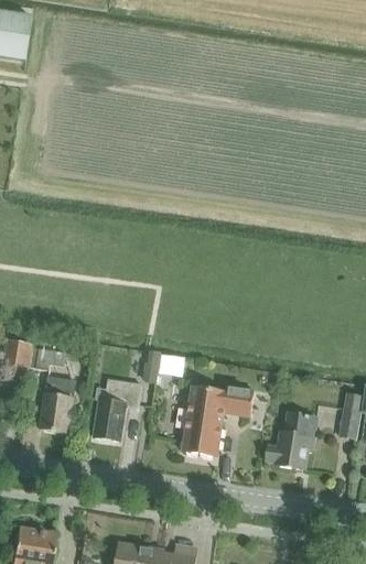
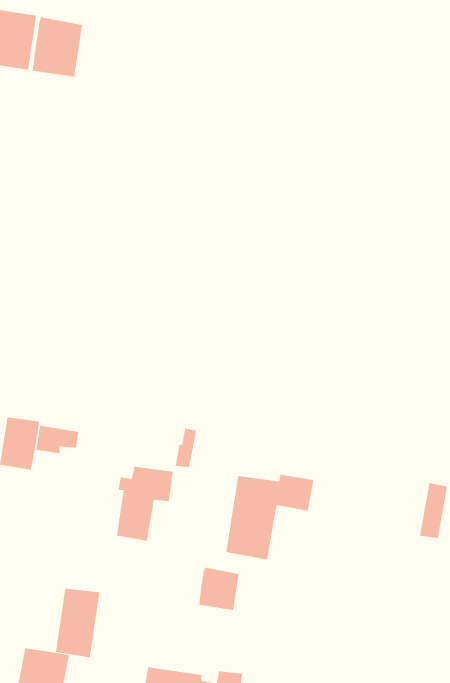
building: none -> [32,16,83,78]
building: [40,377,76,433] -> [55,588,100,658]
building: [266,412,315,468] -> none
building: none -> [199,567,239,611]

